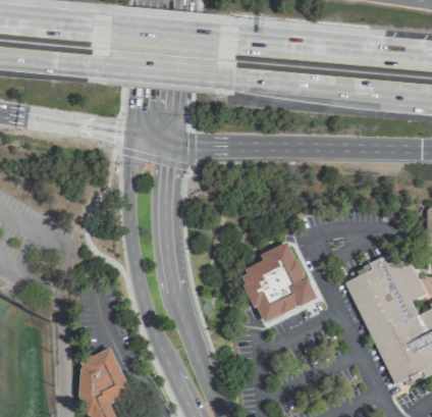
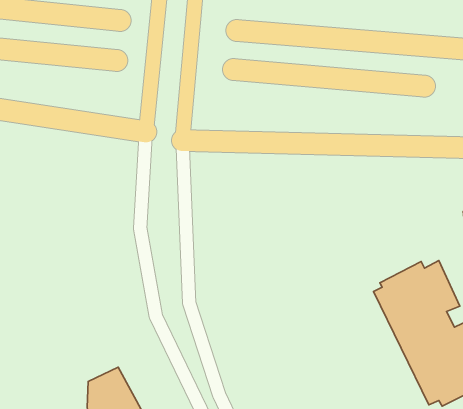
building: [240,240,316,320] -> none

